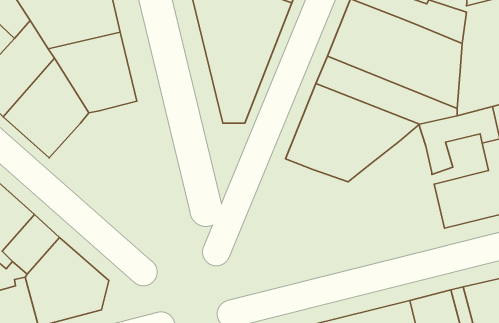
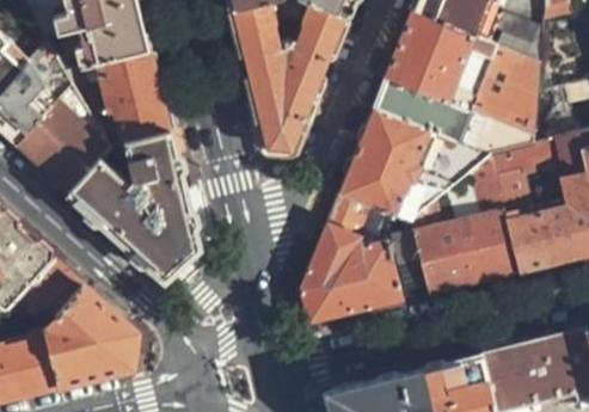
building: none -> [68,128,198,279]
building: none -> [410,154,520,295]
building: none -> [301,193,403,324]

